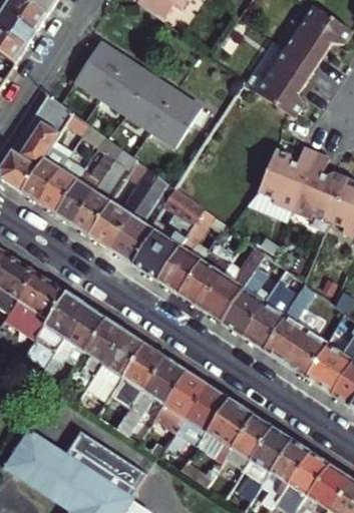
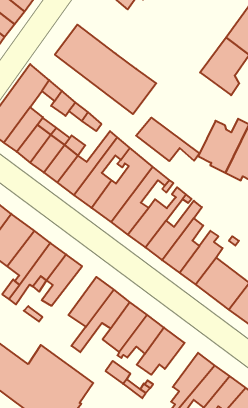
building: none -> [136,118,200,161]
building: [92,334,144,397] -> none
building: [228,419,273,472] -> none

